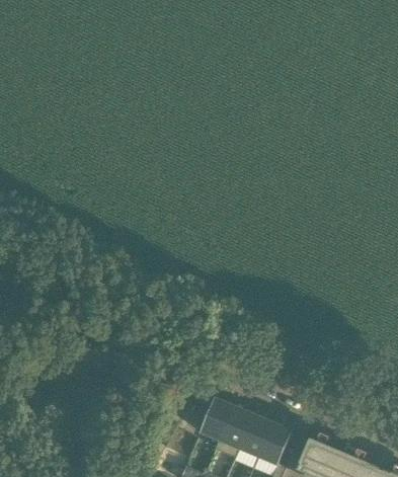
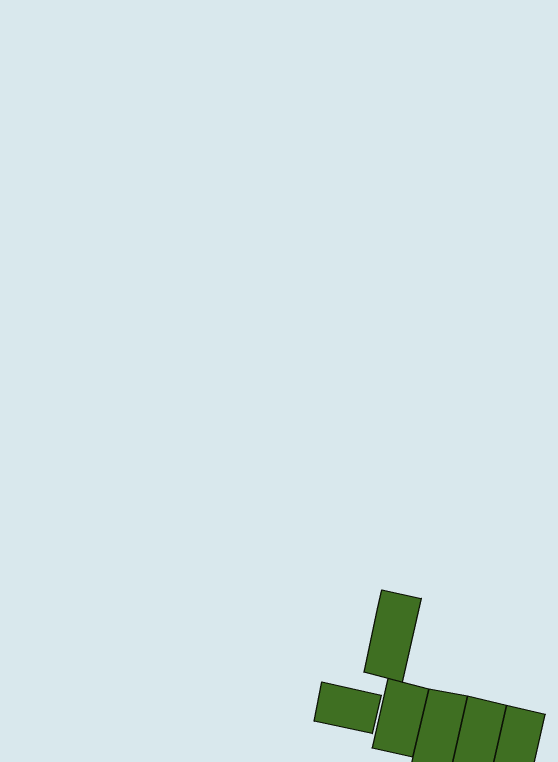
building: none -> [364,590,421,682]
building: none -> [314,682,381,734]

